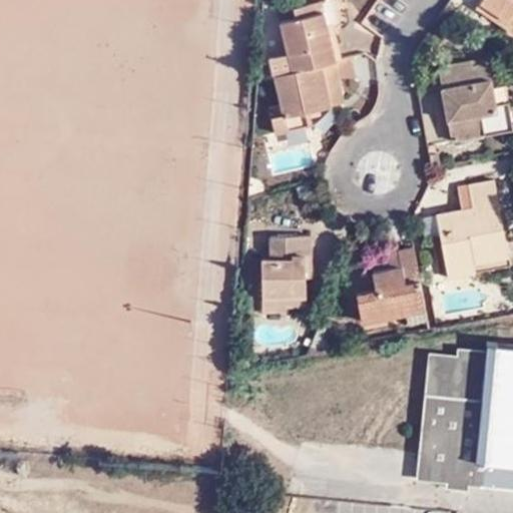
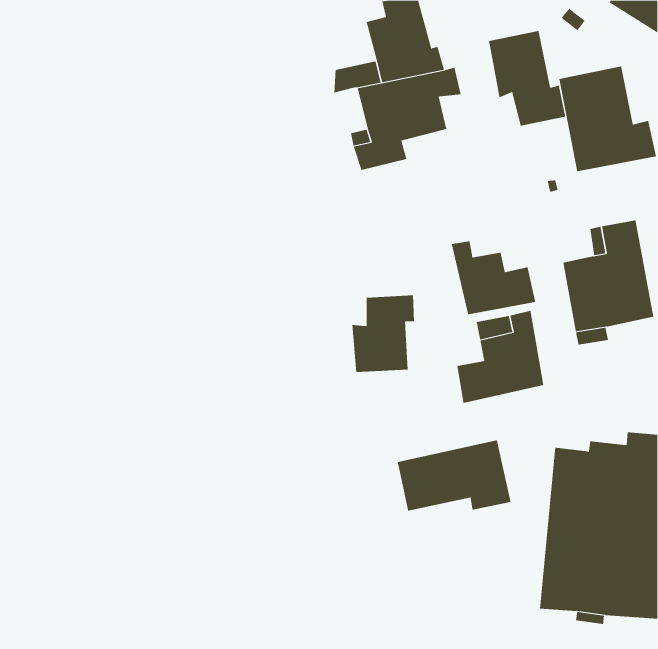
building: none -> [489,30,566,126]
building: none -> [451,240,536,315]
building: none -> [397,439,511,512]

